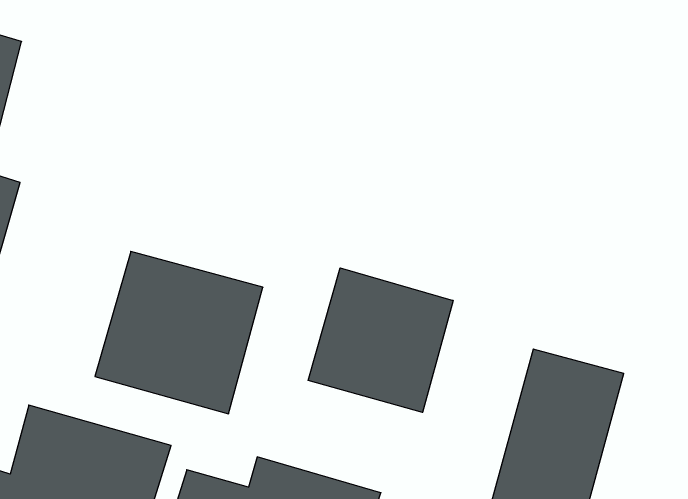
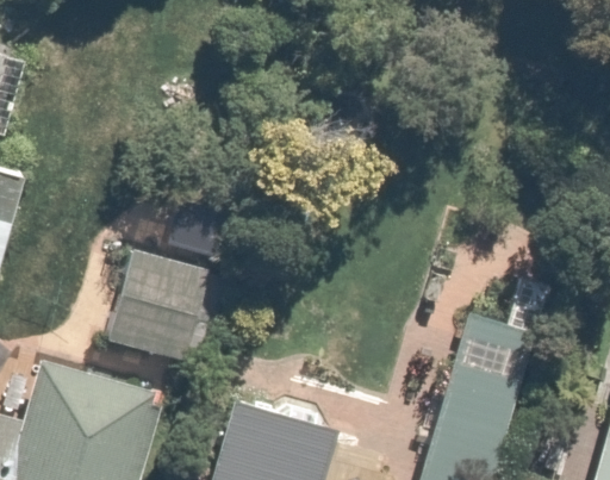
building: [308,268,453,412] -> none

